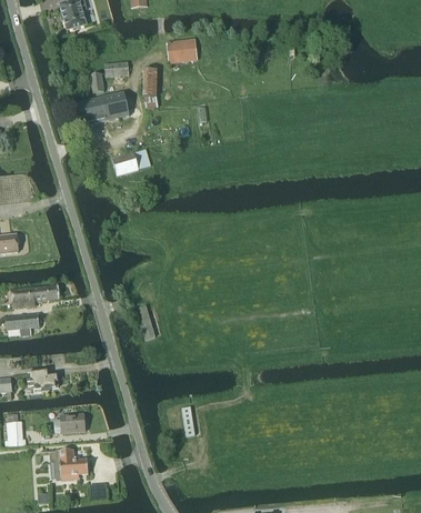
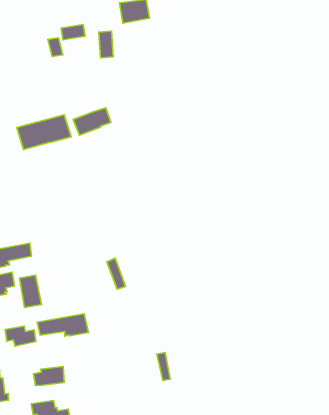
building: [73,92,129,125] -> [17,115,71,149]
building: none -> [19,275,41,307]
building: none -> [37,314,89,336]

